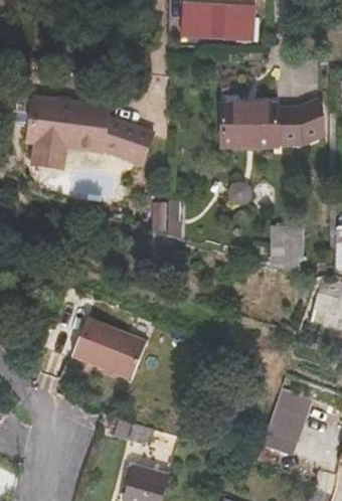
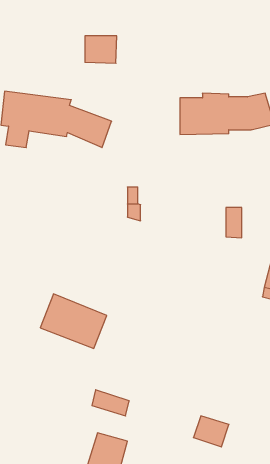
building: [182,14,216,43] -> [85,36,117,63]
building: [225,14,260,43] -> none
building: [264,406,302,440] -> [193,416,229,447]

